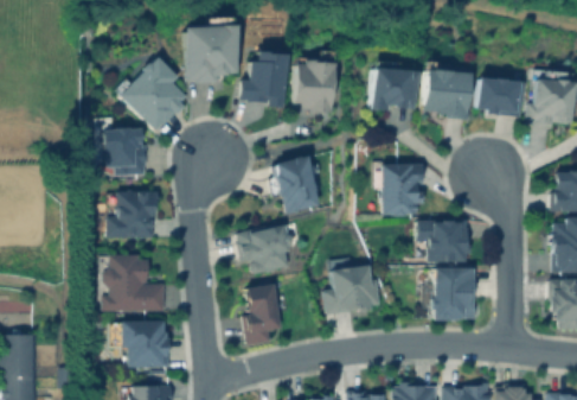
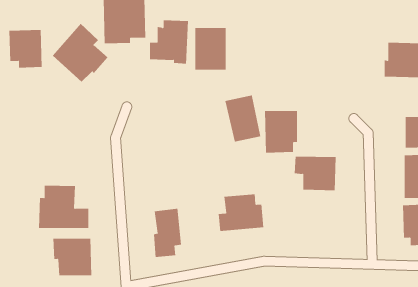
building: [371,69,418,110] -> none
building: [423,70,470,116] -> none
building: [475,78,521,115] -> none
building: [104,128,146,176] -> [9,30,42,68]
building: [274,155,319,214] -> [224,95,261,142]
building: [108,190,156,239] -> none
building: [236,224,293,273] -> none
building: [432,268,475,320] -> none

